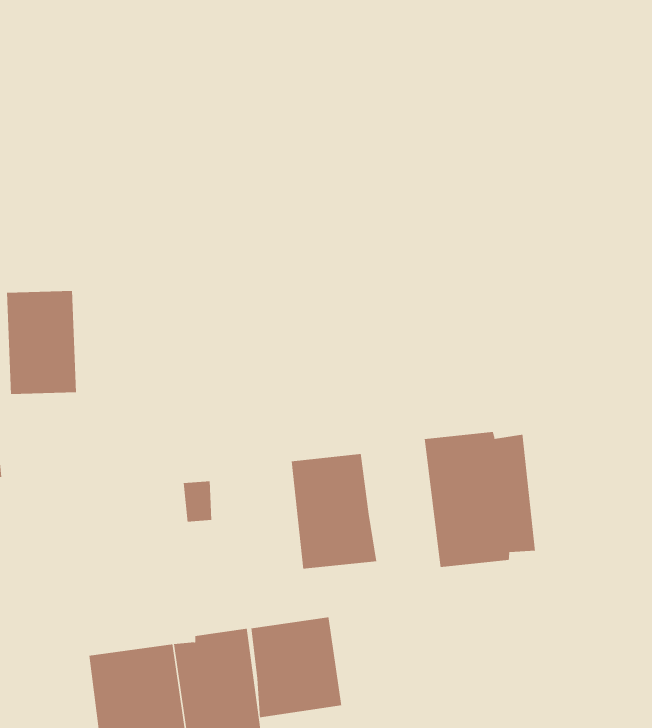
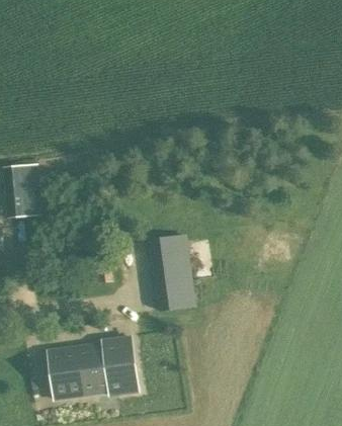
building: [424,431,536,568] -> none
building: [251,616,342,718] -> none

